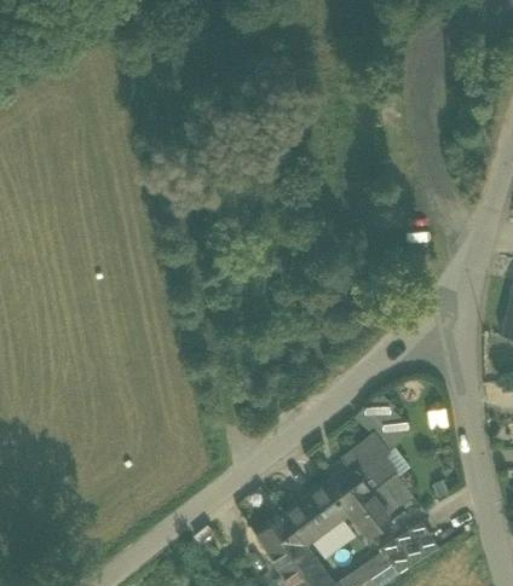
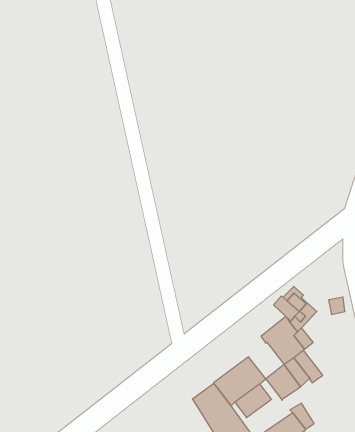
building: [325,465,370,511] -> none
building: [392,522,437,567] -> none

